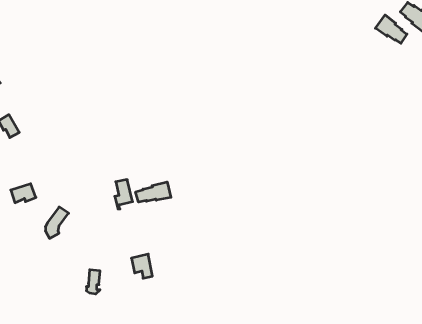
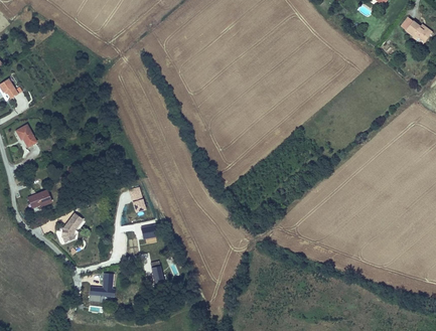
building: [375,15,407,43] -> none
building: [136,182,171,202] -> none

